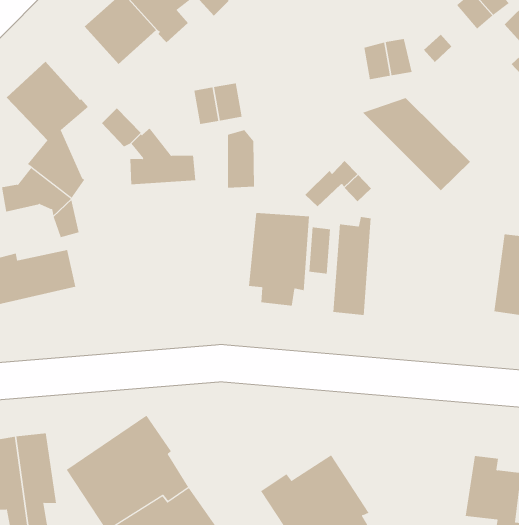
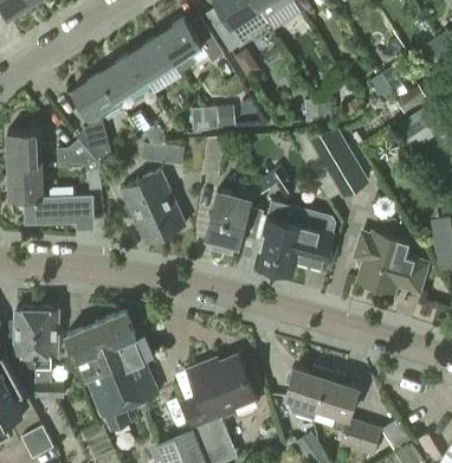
building: none -> [99,54,146,101]
building: none -> [120,172,185,245]
building: none -> [275,210,331,277]
building: none -> [284,367,329,411]

